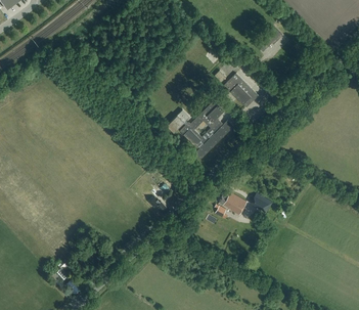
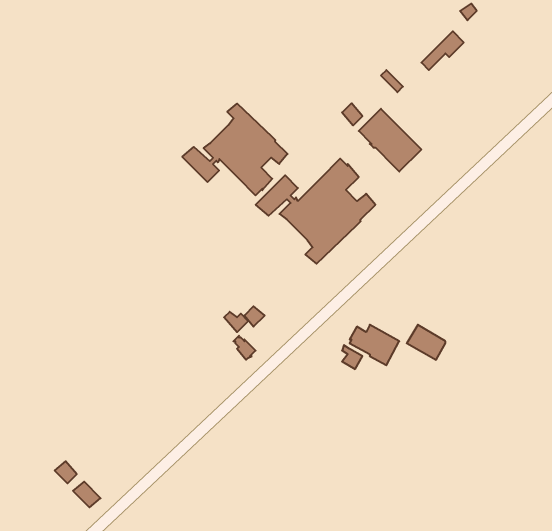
building: none -> [182,104,288,195]

